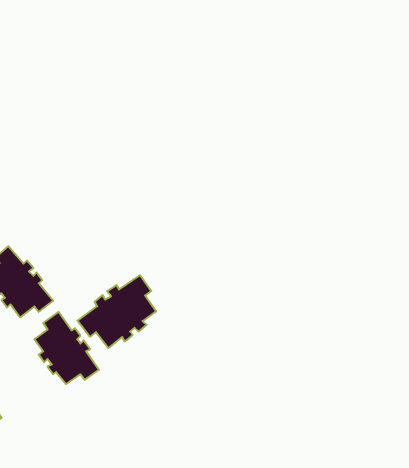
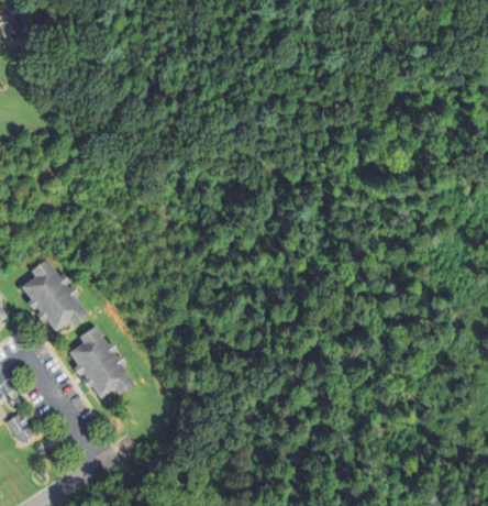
building: [77,275,156,348] -> none

